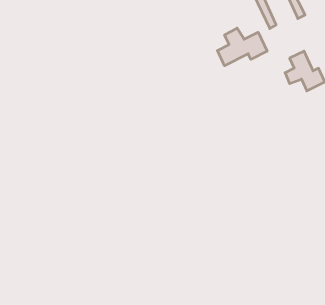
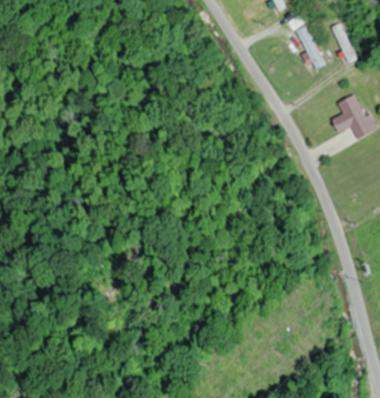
building: [217,28,267,66] -> none

